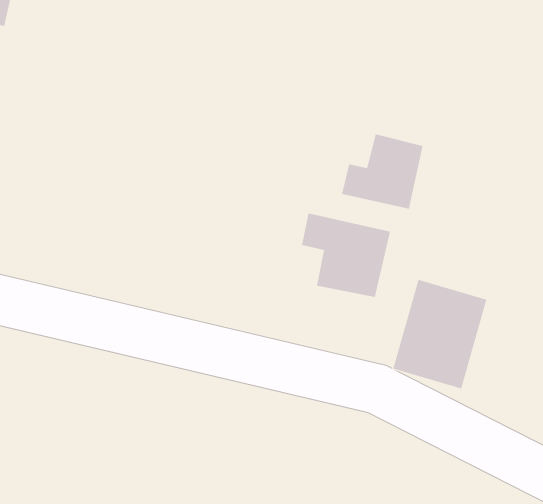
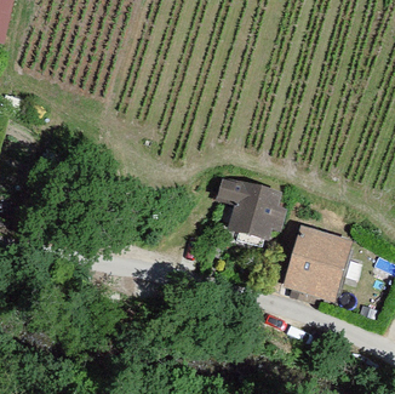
building: [341,134,423,210] -> none

